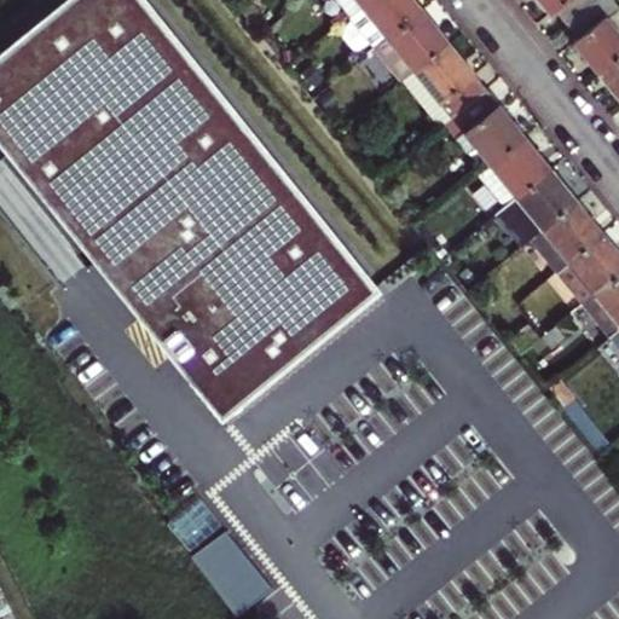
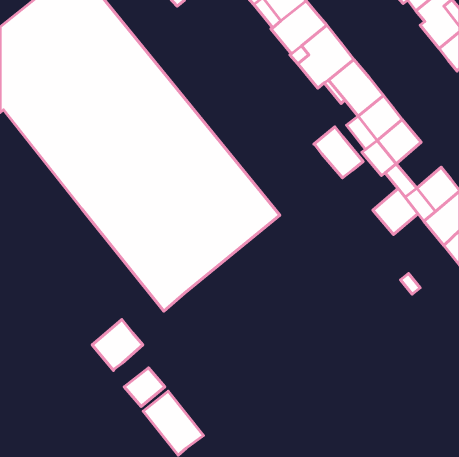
building: none -> [314,127,363,178]
building: [533,191,594,253] -> [373,189,418,234]
building: none -> [92,320,143,370]

